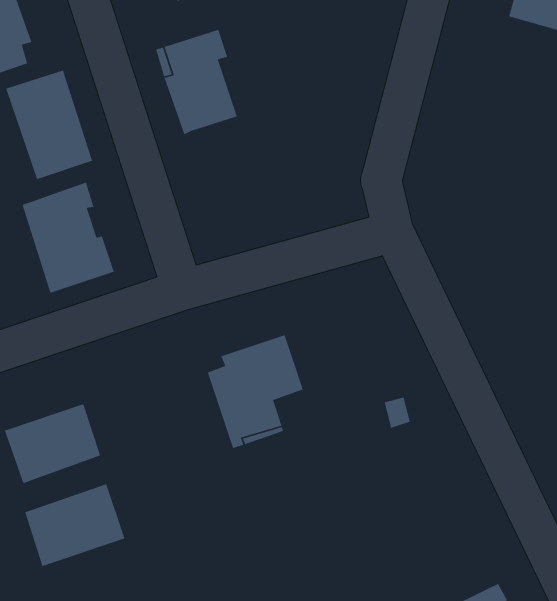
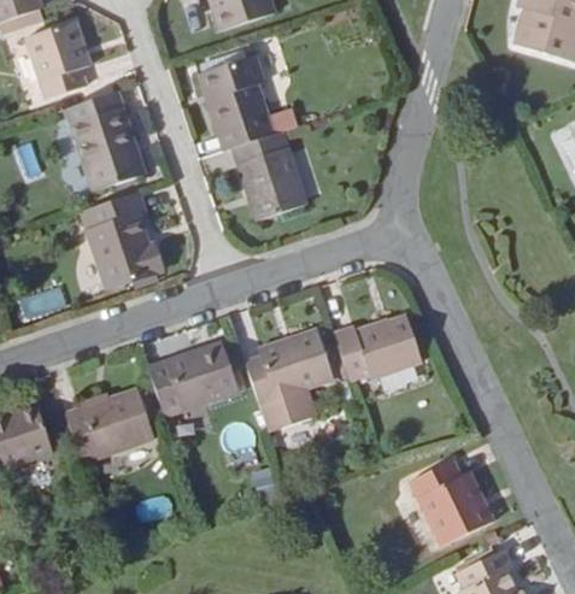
building: none -> [231,130,305,219]
building: none -> [335,322,423,386]
building: none -> [411,455,494,541]
building: [24,483,126,567] -> [151,348,241,423]

